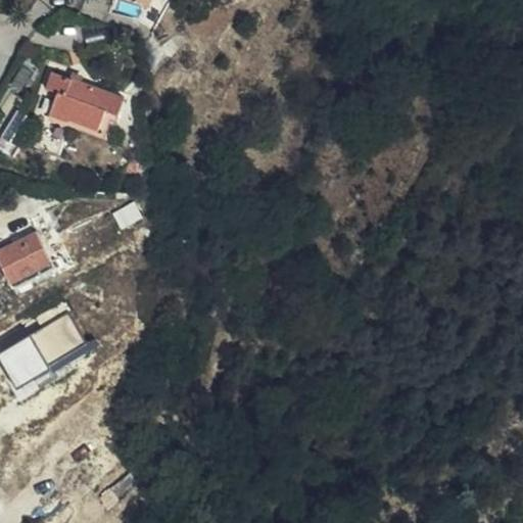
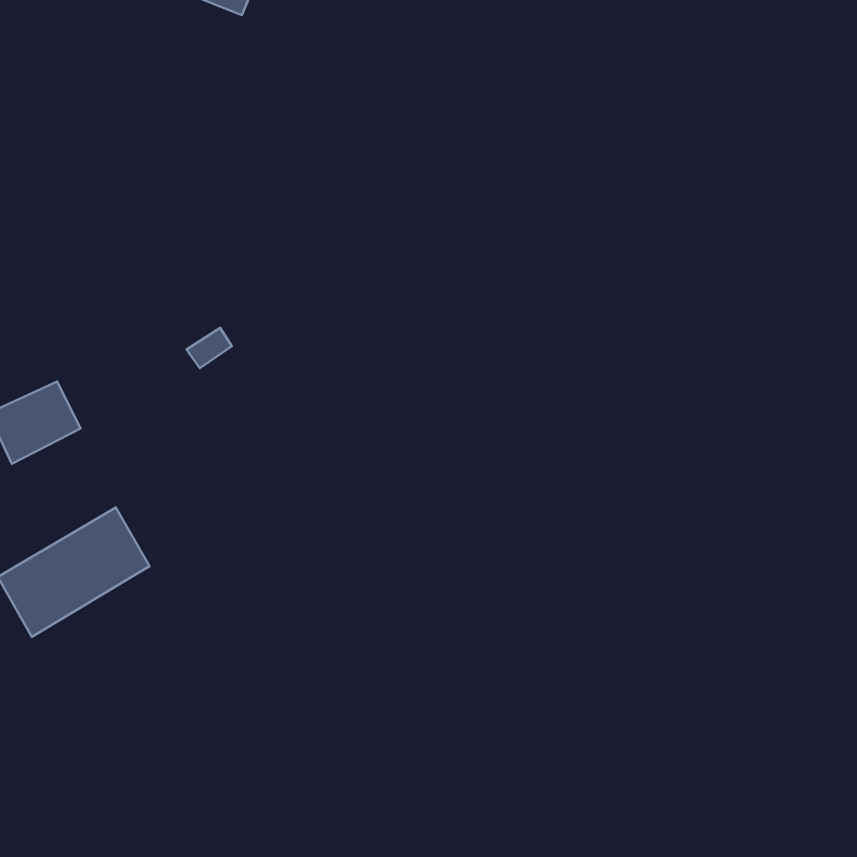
building: [44,73,123,131] -> none

